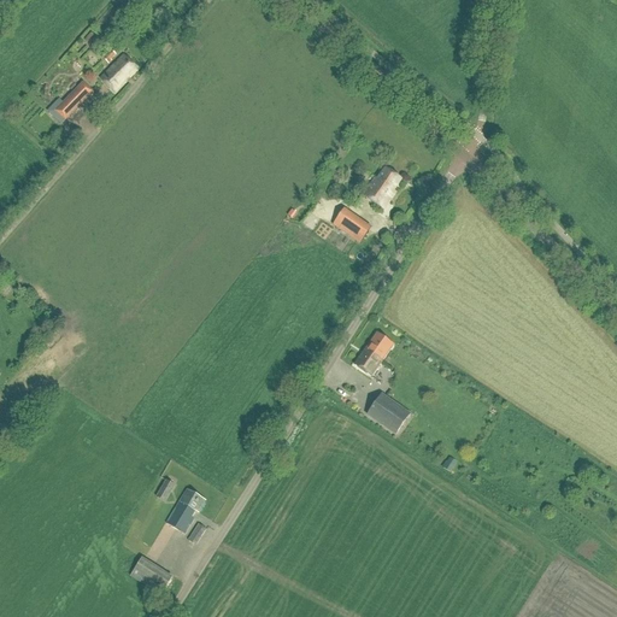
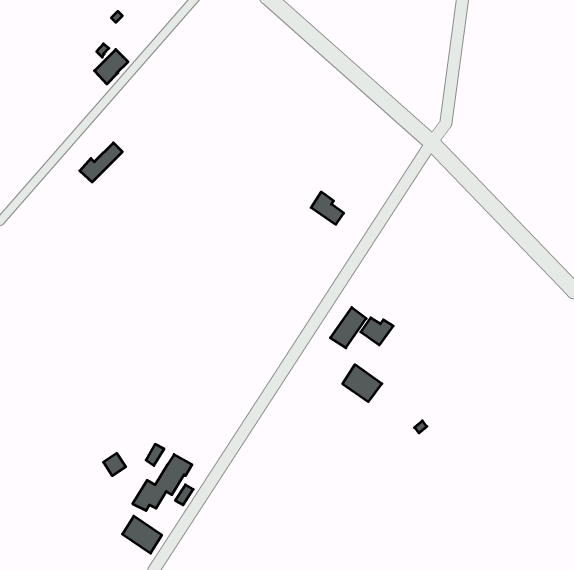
building: [47,78,93,121] -> [80,143,122,182]
building: [363,166,401,207] -> none
building: none -> [361,318,393,345]

